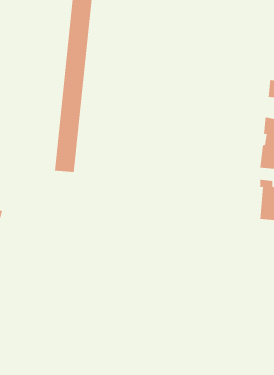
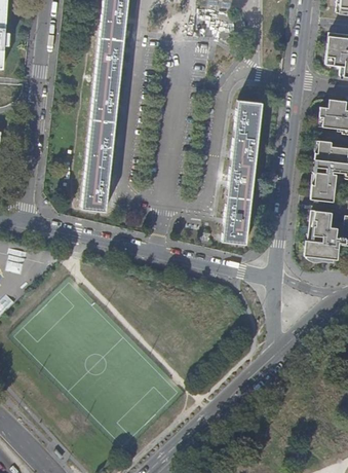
building: none -> [223,100,262,243]

